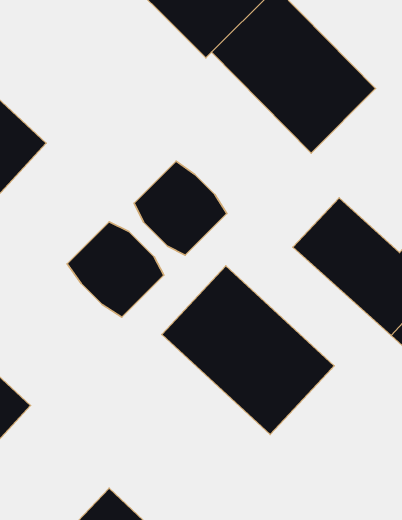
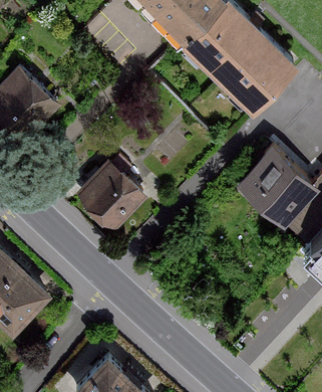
building: [134,161,227,255] -> none
building: [162,266,334,434] -> none

